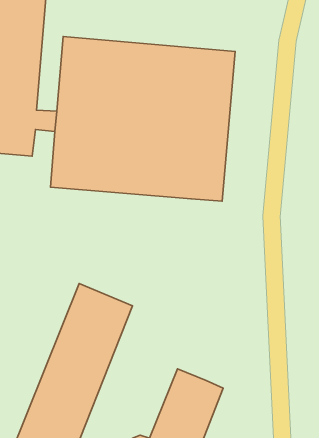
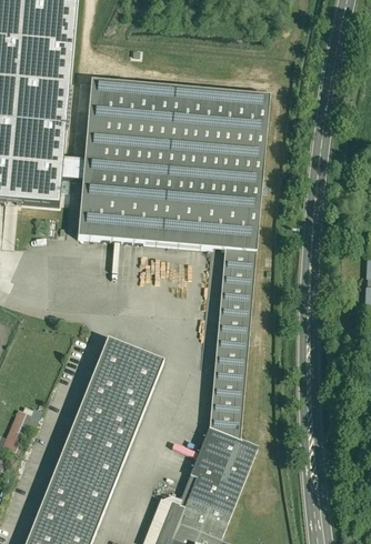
building: none -> [210,248,257,436]

